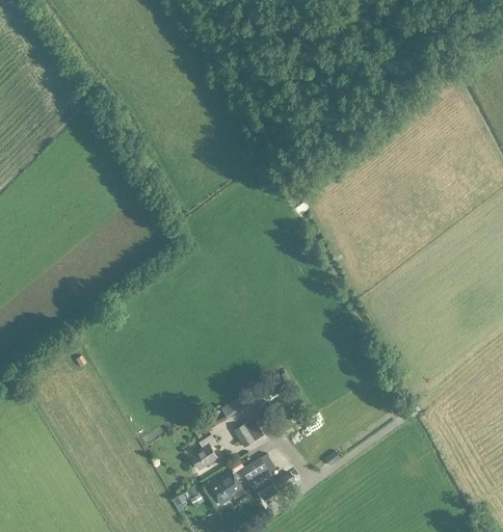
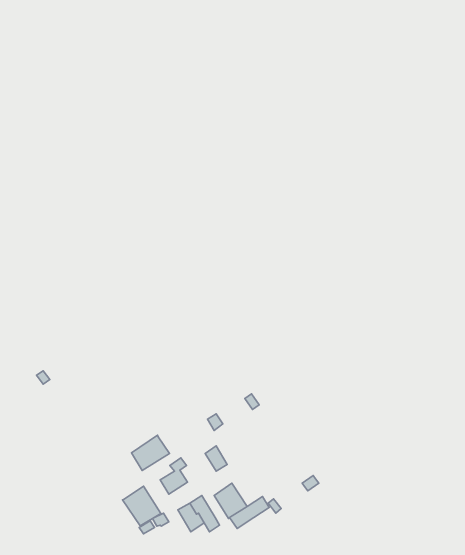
building: none -> [132,435,169,470]
building: none -> [123,486,161,526]

